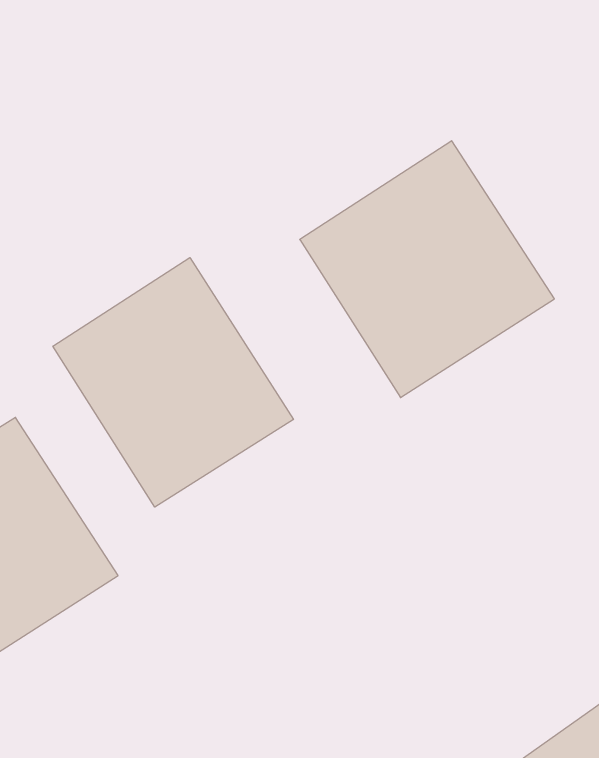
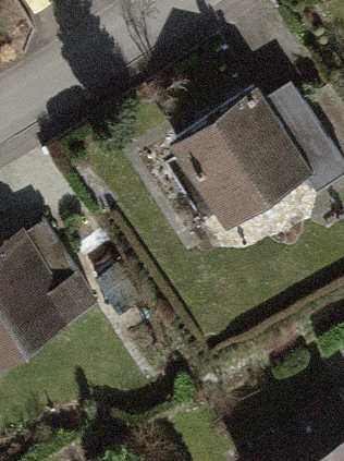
building: [53,258,293,507] -> none

